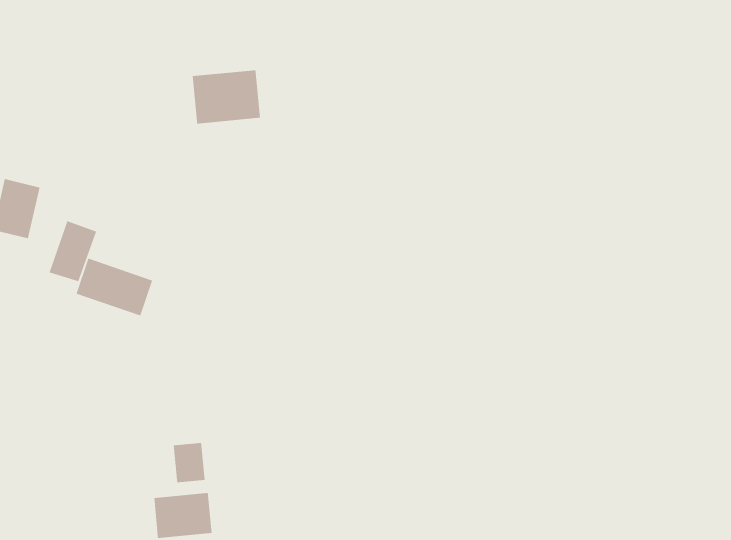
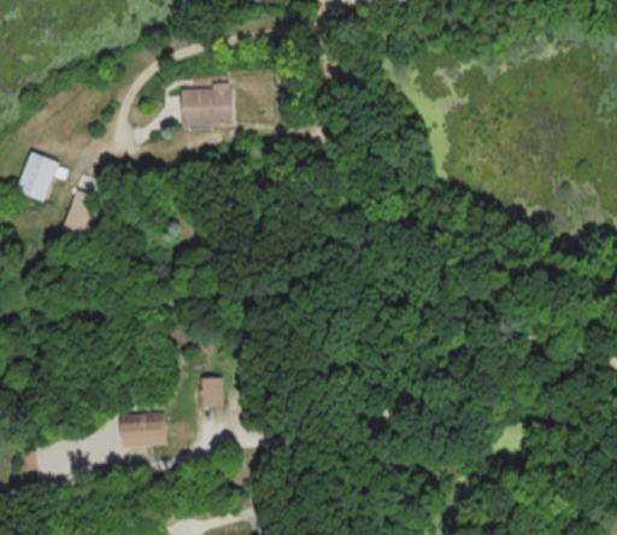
building: [75,258,153,317] -> none
building: [173,442,205,483] -> [201,377,224,407]

